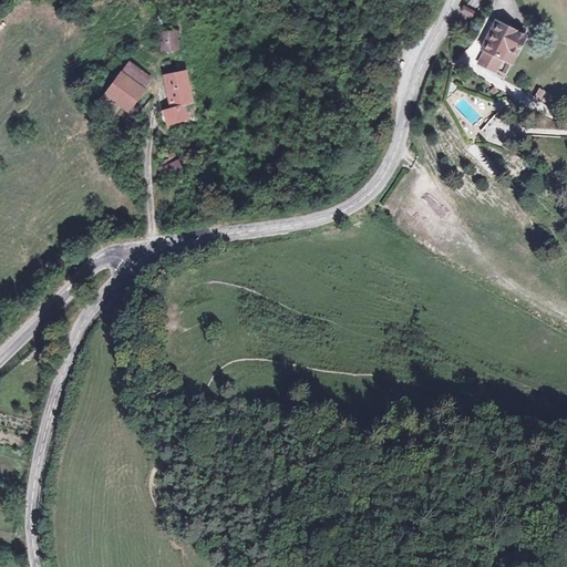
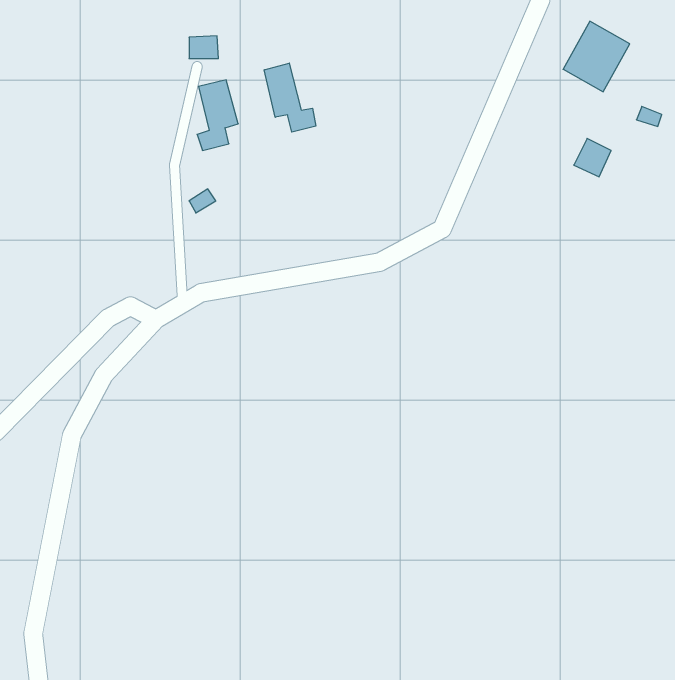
building: none -> [264,63,316,132]
building: [93,58,154,115] -> none

